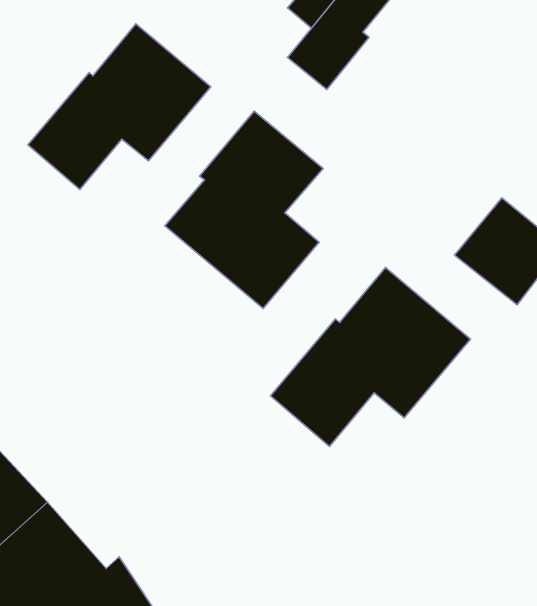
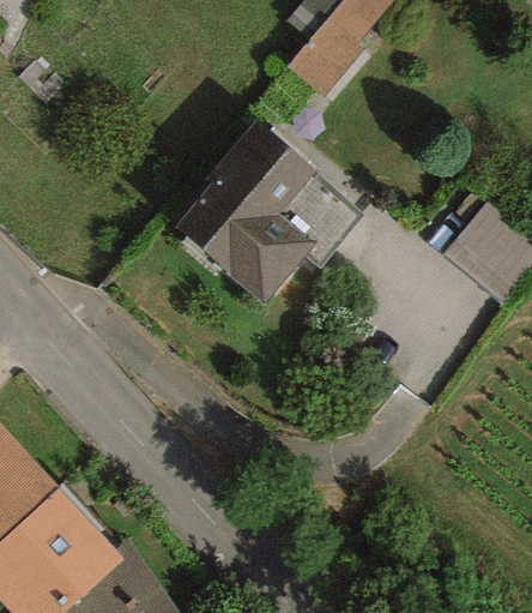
building: [28,24,211,189] -> none
building: [270,267,471,446] -> none

